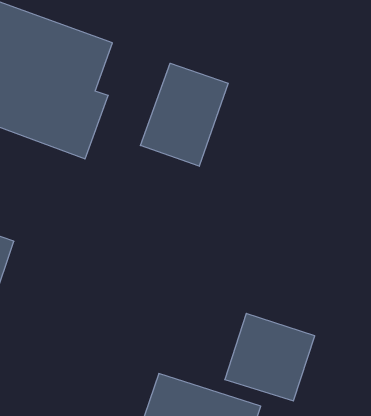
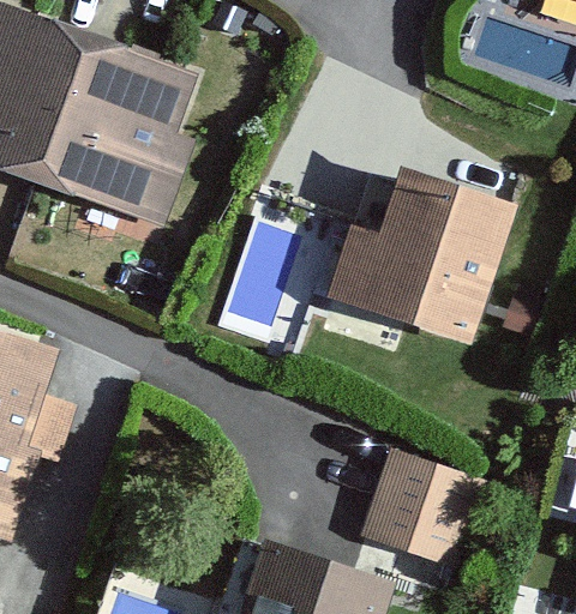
building: [140,63,228,166] -> none
building: none -> [325,164,523,347]

